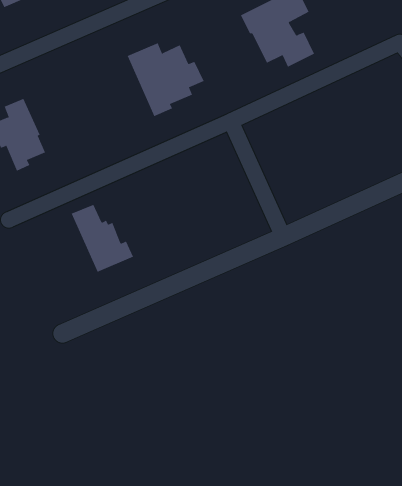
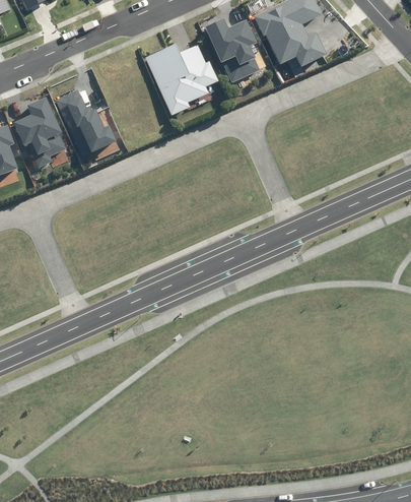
building: none -> [205,18,260,82]
building: [71,204,134,272] -> [55,90,116,156]

